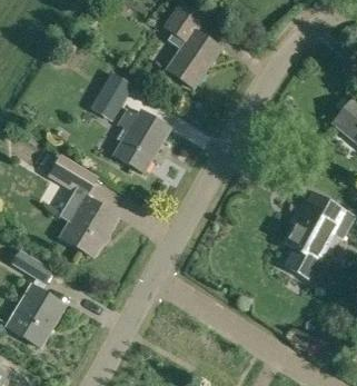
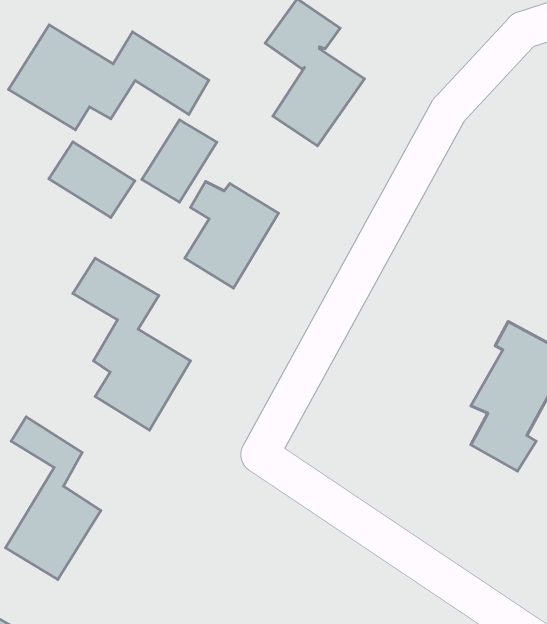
building: none -> [9,25,209,130]
building: none -> [49,142,135,218]

